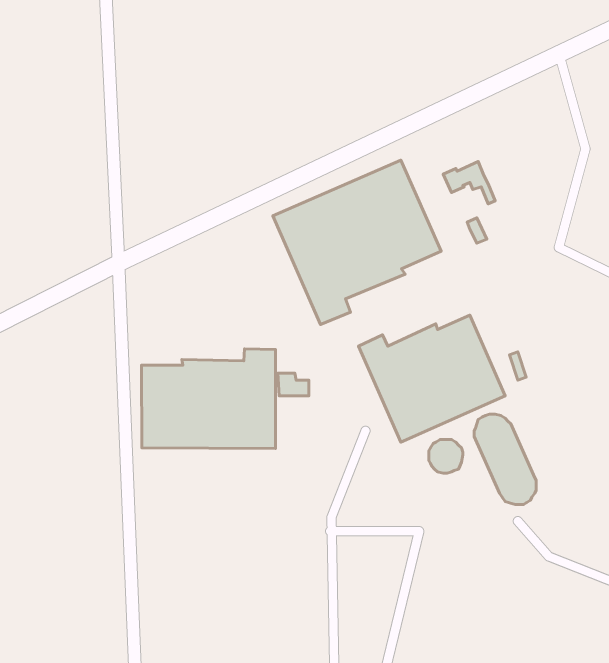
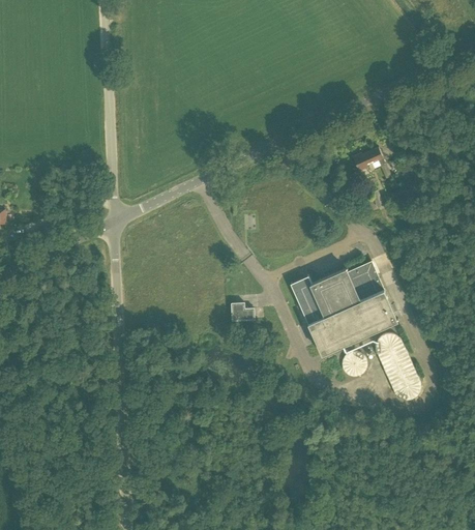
building: [273,160,441,324] -> none
building: [142,349,276,448] -> none

